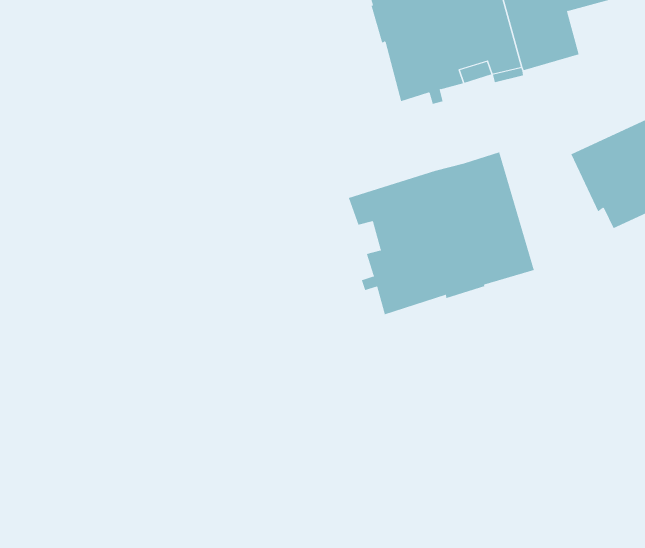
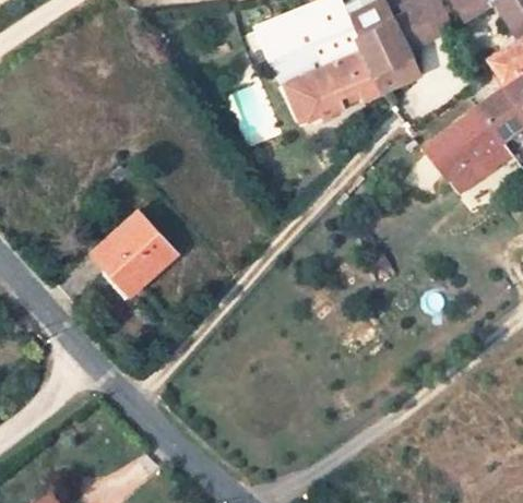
building: [348,151,535,315] -> none
building: none -> [102,217,171,284]

